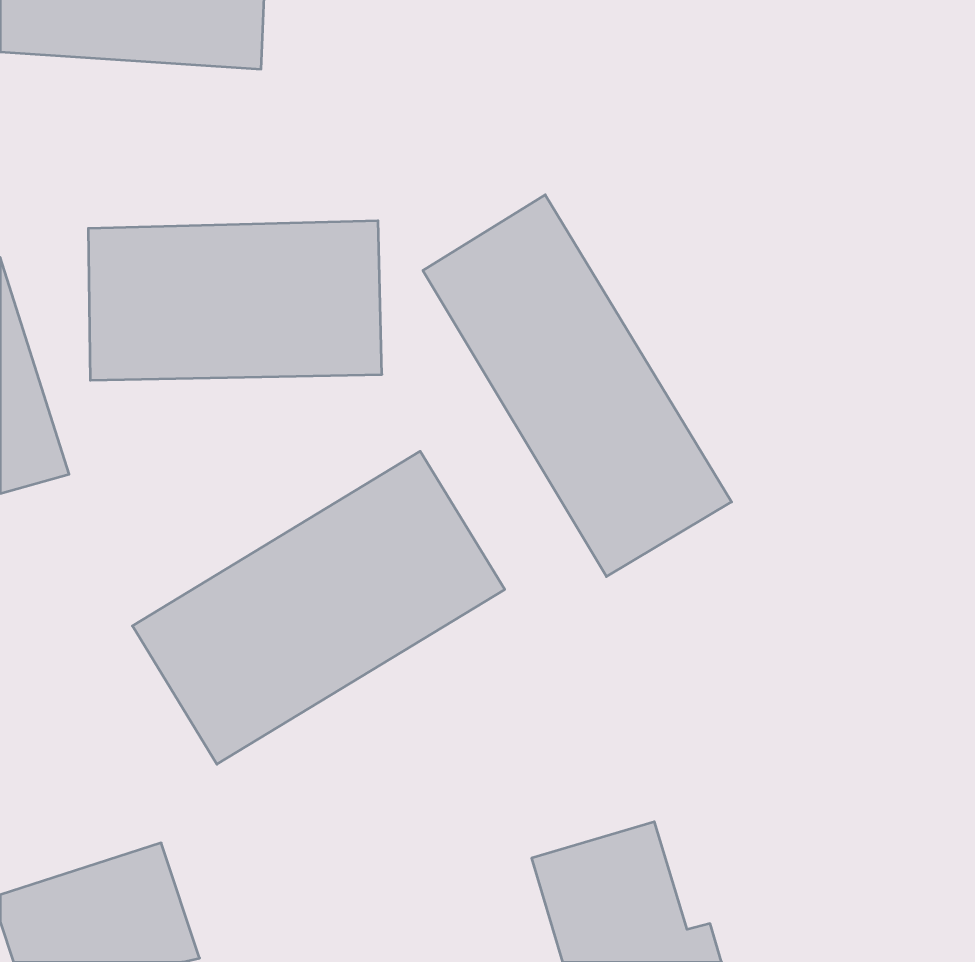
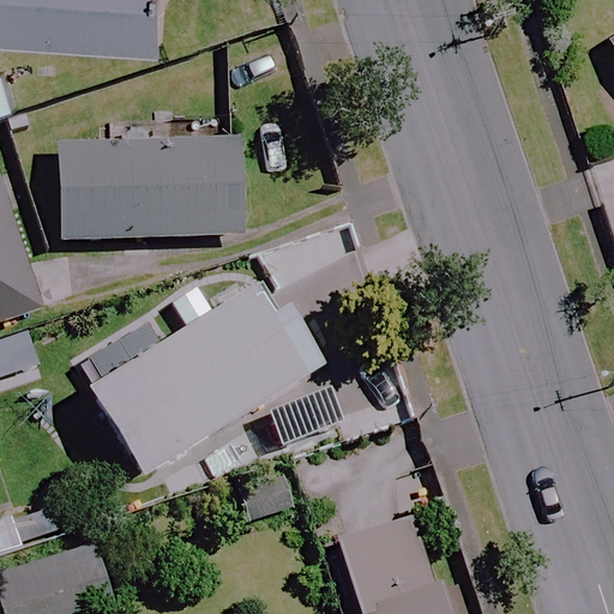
building: [423,195,732,577] -> none

